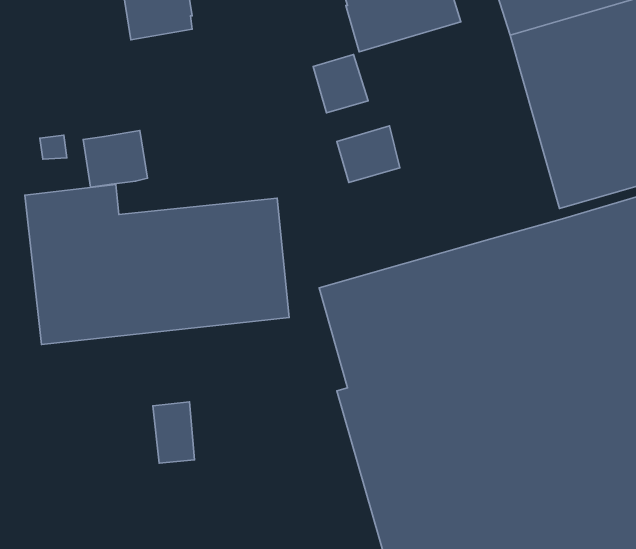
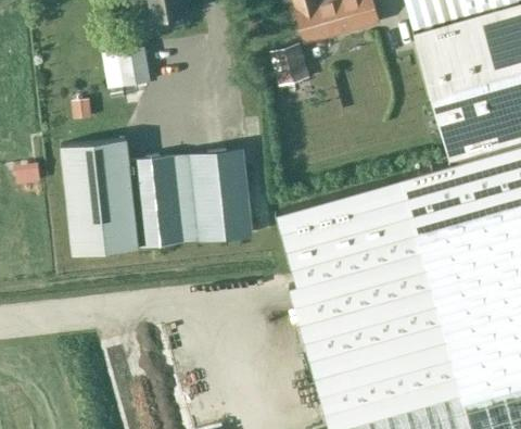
building: [337,126,400,182] -> none
building: [83,130,147,187] -> [103,48,150,89]
building: [153,402,195,463] -> none

